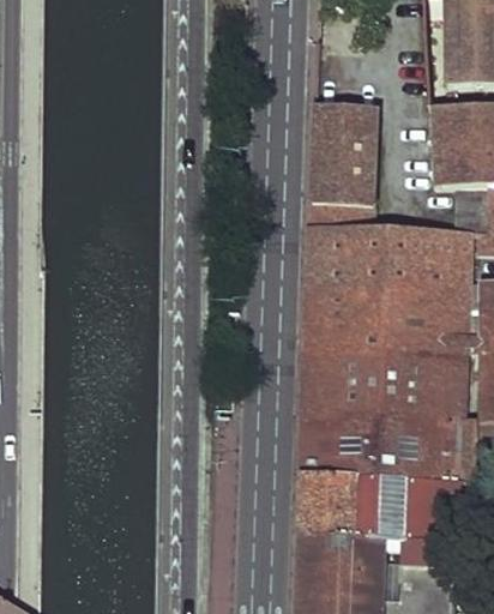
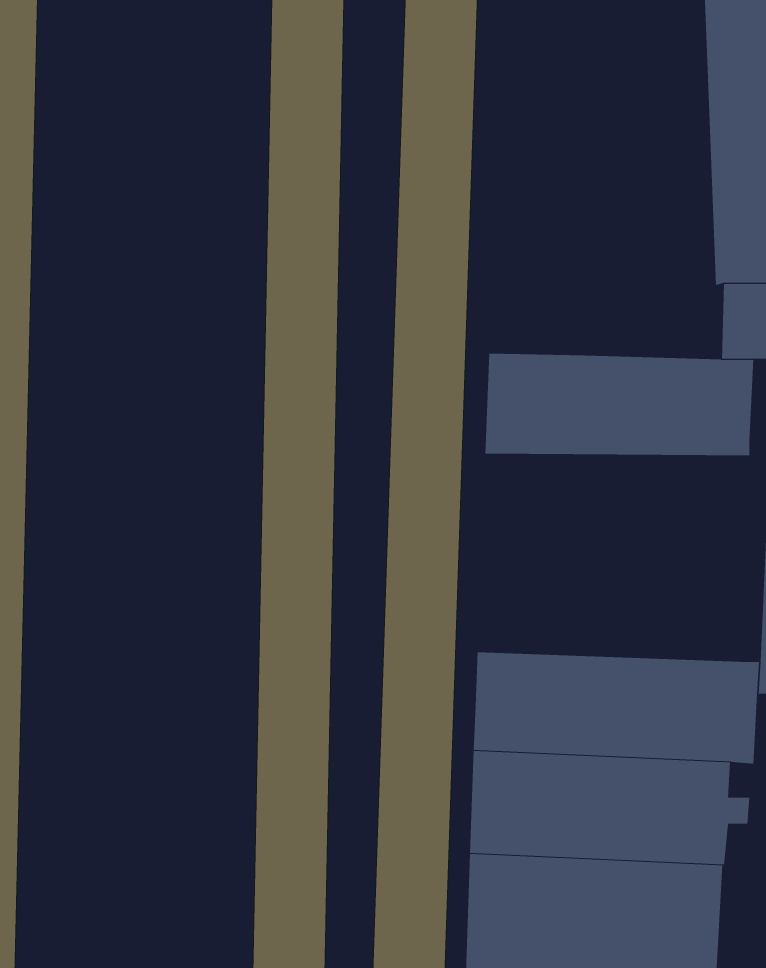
building: [307,104,375,223] -> none
building: [300,284,469,413] -> none

